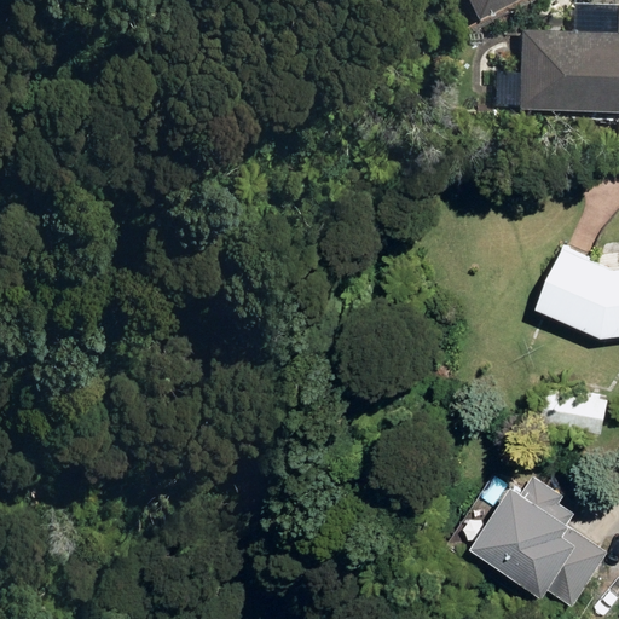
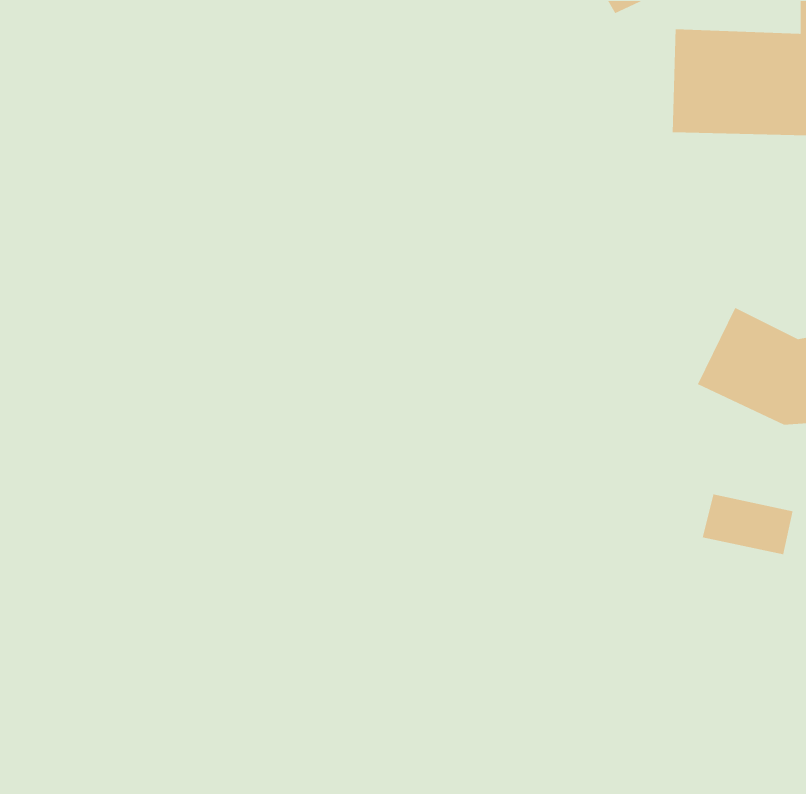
building: [470,479,608,607] -> none

